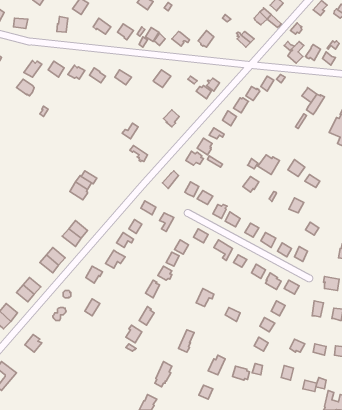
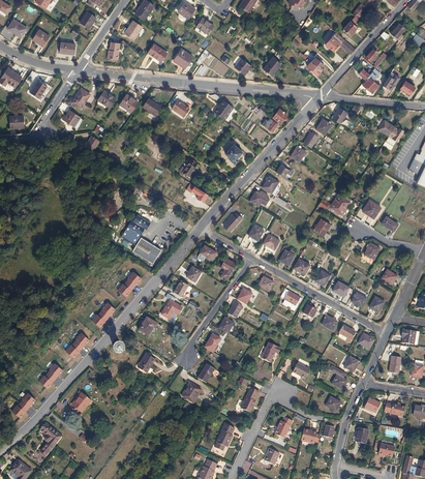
building: none -> [132,237,160,264]

